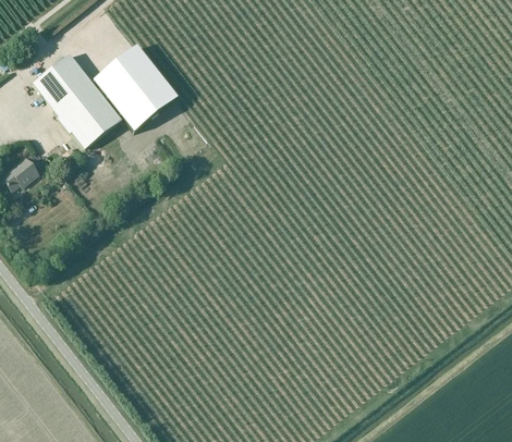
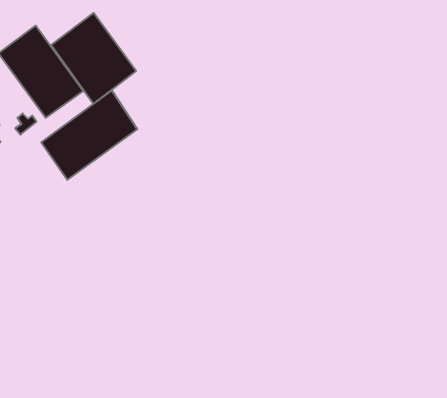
building: none -> [41,91,137,180]

